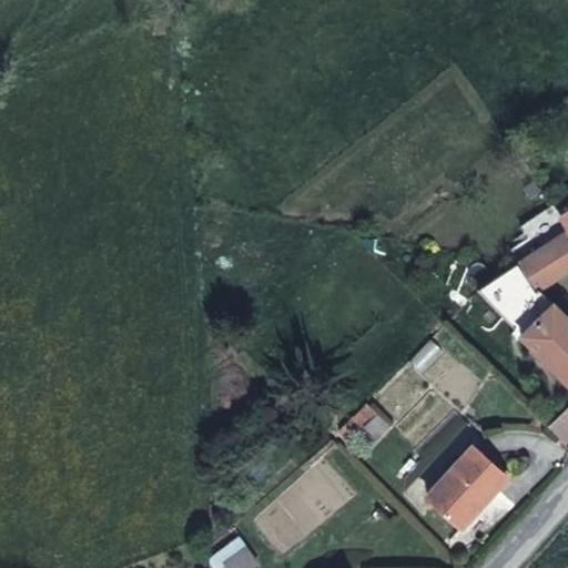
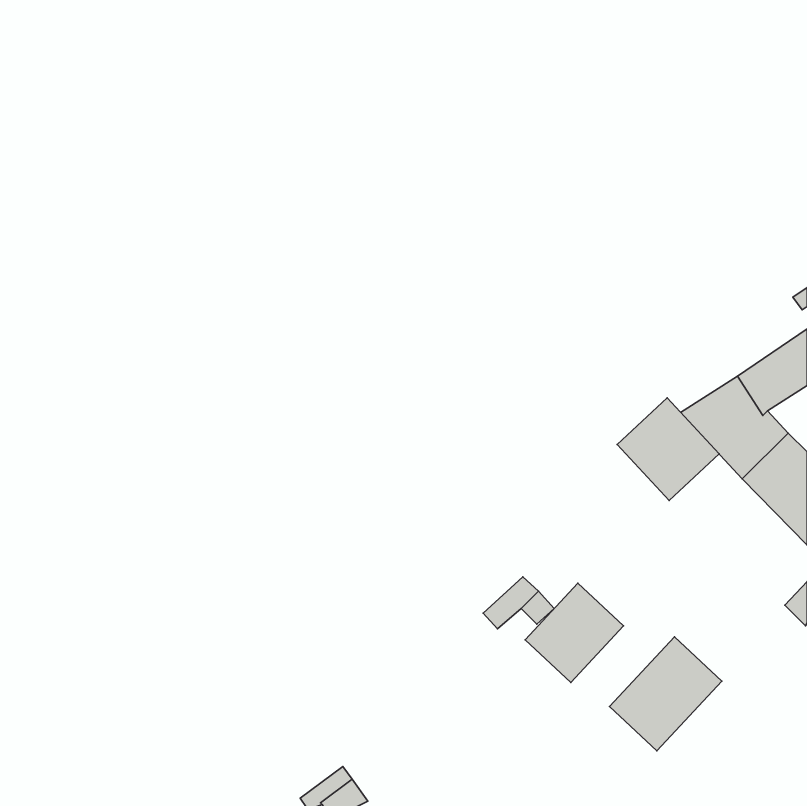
building: none -> [617,398,719,500]
building: none -> [525,583,624,682]

